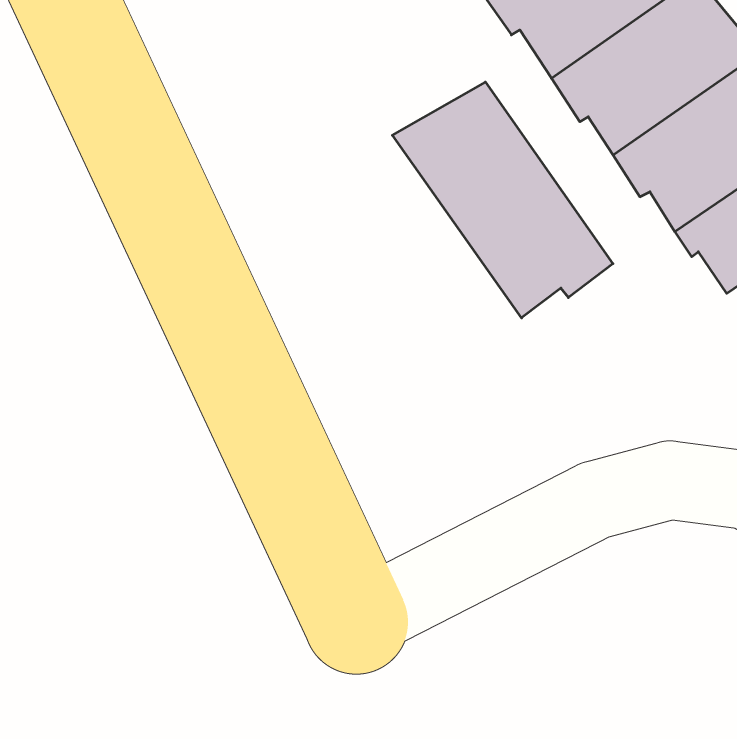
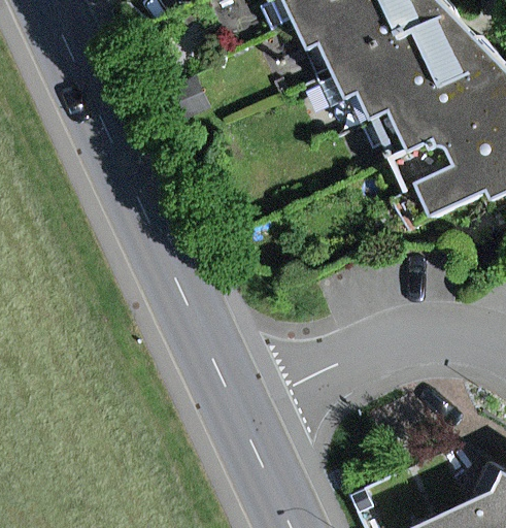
building: [392,82,613,318] -> none

